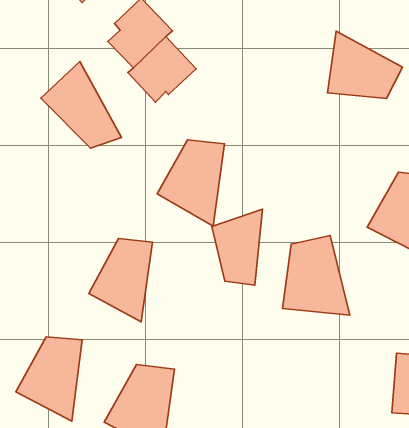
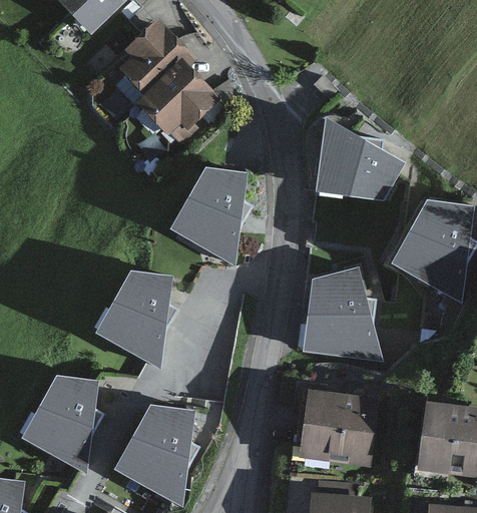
building: [328,31,403,98] -> [318,128,397,199]
building: [41,62,122,148] -> none
building: [212,209,262,285] -> none
building: none -> [303,397,372,464]

